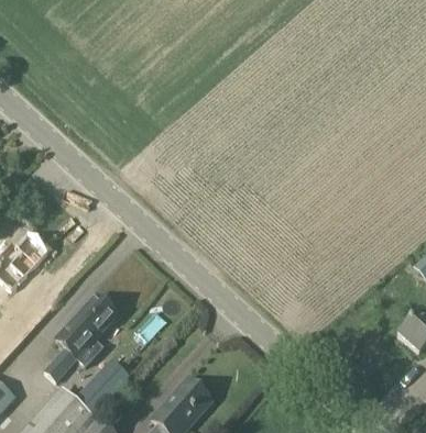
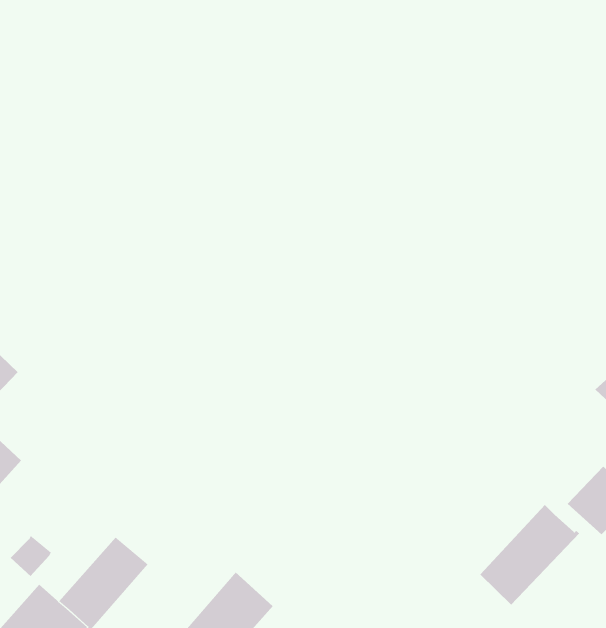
building: [55,293,118,357] -> none
building: none -> [479,504,580,606]

